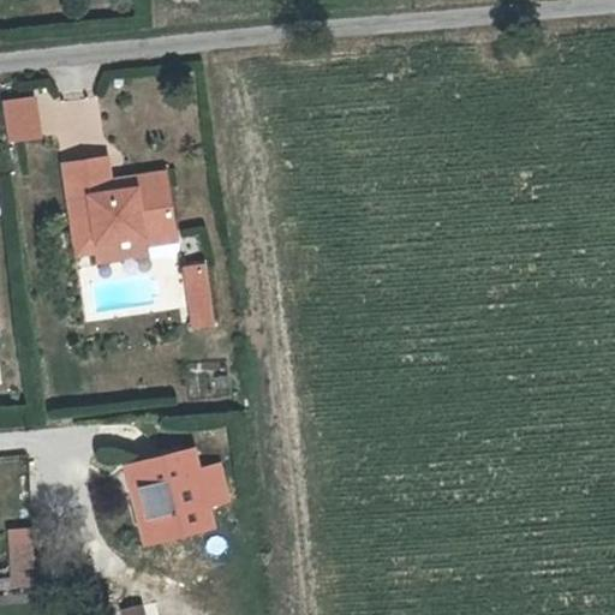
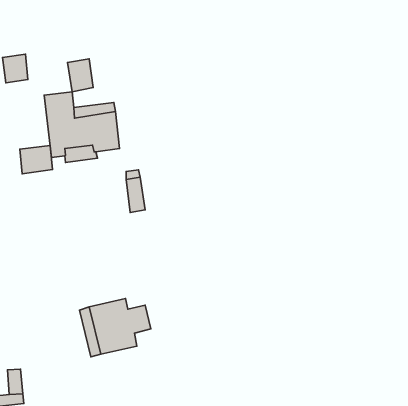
building: none -> [68,59,93,92]
building: none -> [20,146,53,174]

